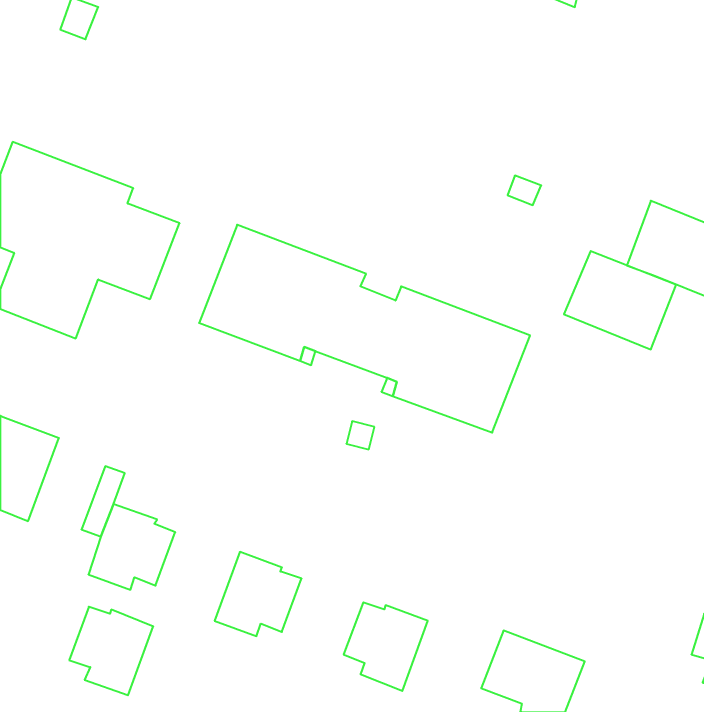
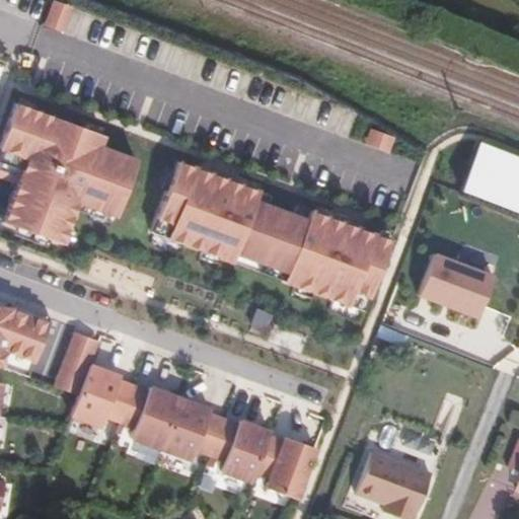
building: [564,251,676,349] -> [416,246,497,317]
building: none -> [213,418,273,481]
building: [69,607,153,695] -> [122,384,182,448]

